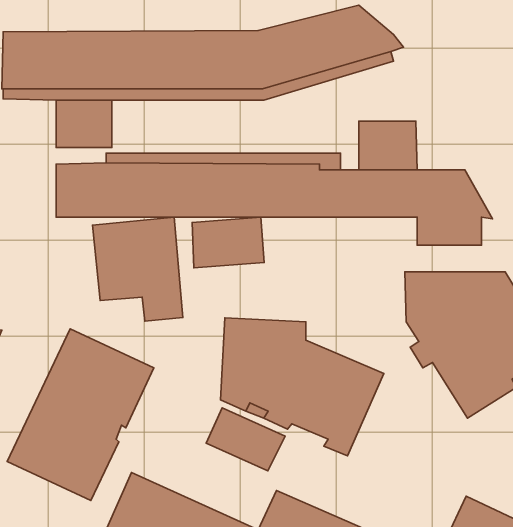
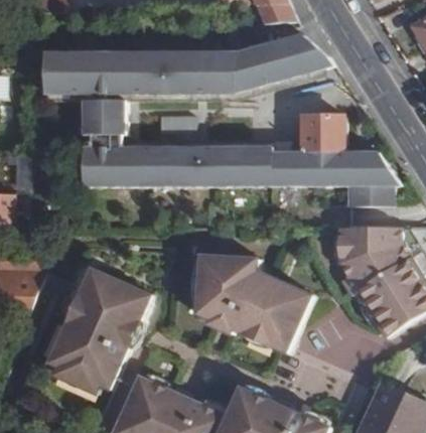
building: [93,217,183,321] -> none
building: [192,217,264,268] -> none
building: [206,408,285,471] -> none

